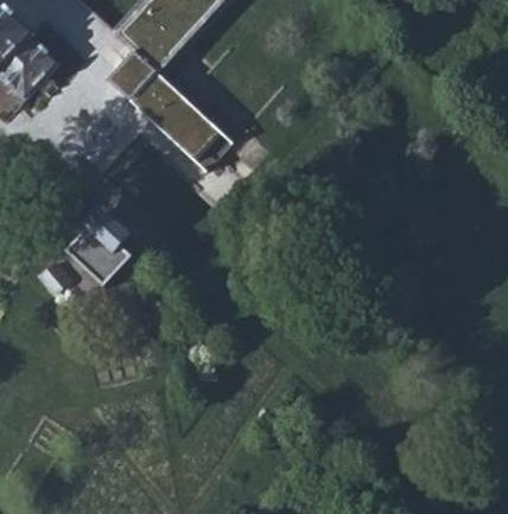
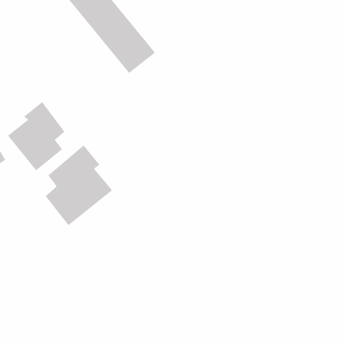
building: none -> [45,144,113,226]

